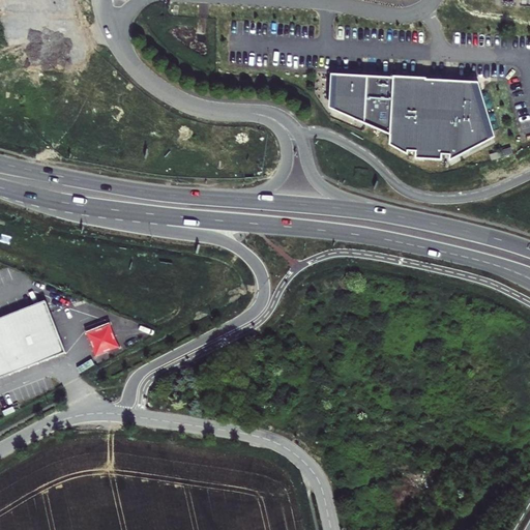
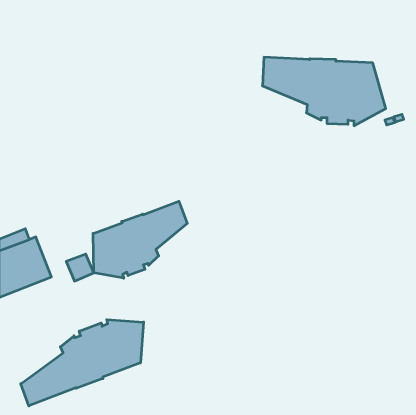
building: none -> [93,201,187,278]
building: none -> [21,320,144,406]

